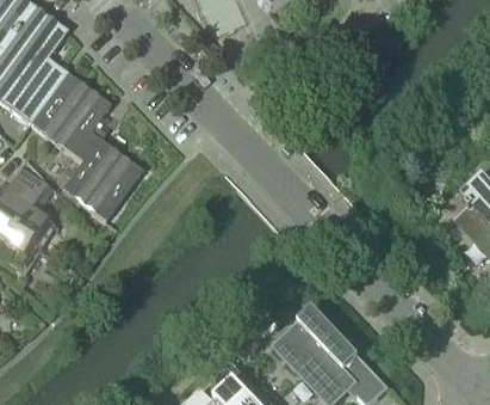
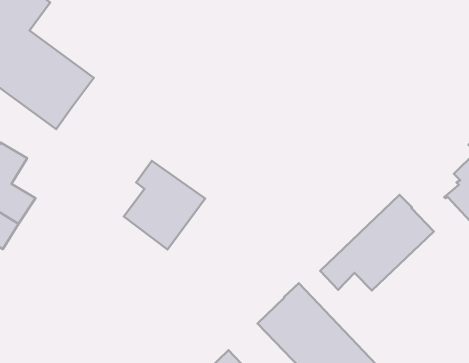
building: [61,131,141,219] -> [124,161,205,249]
building: none -> [320,195,434,291]

